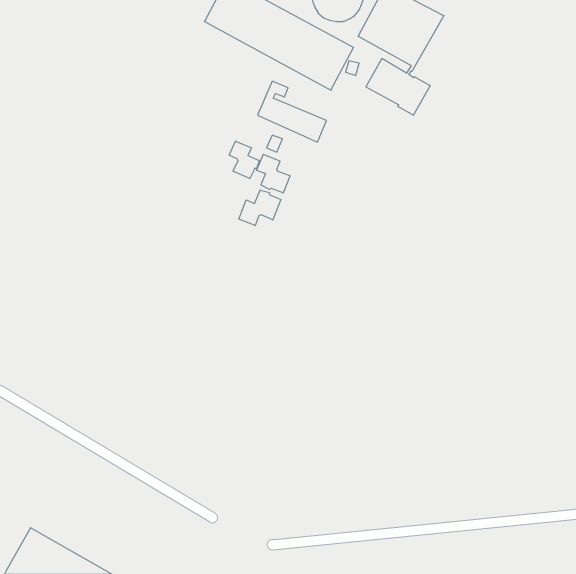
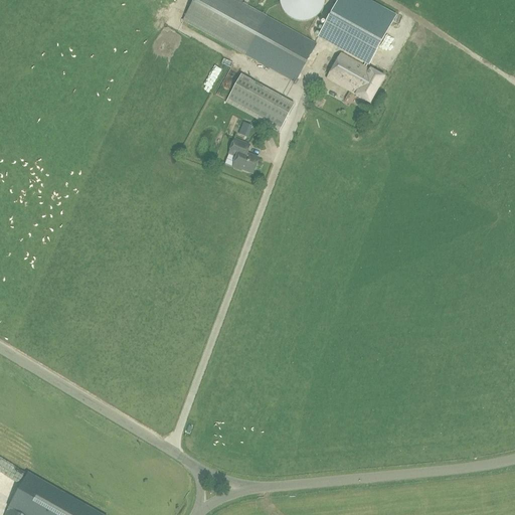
building: [229,141,259,179] -> none
building: [239,190,281,226] -> none

